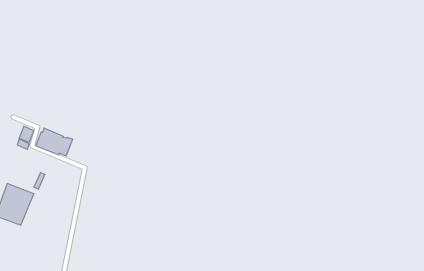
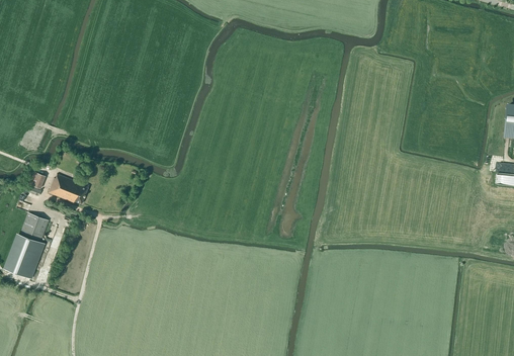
building: none -> [19,212,48,242]

